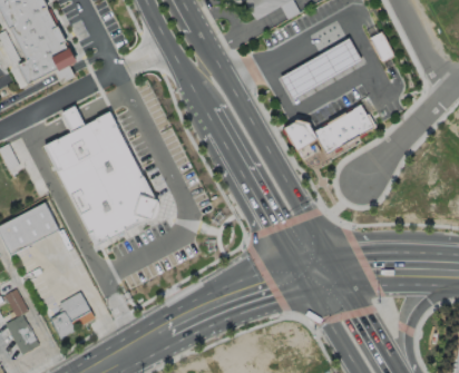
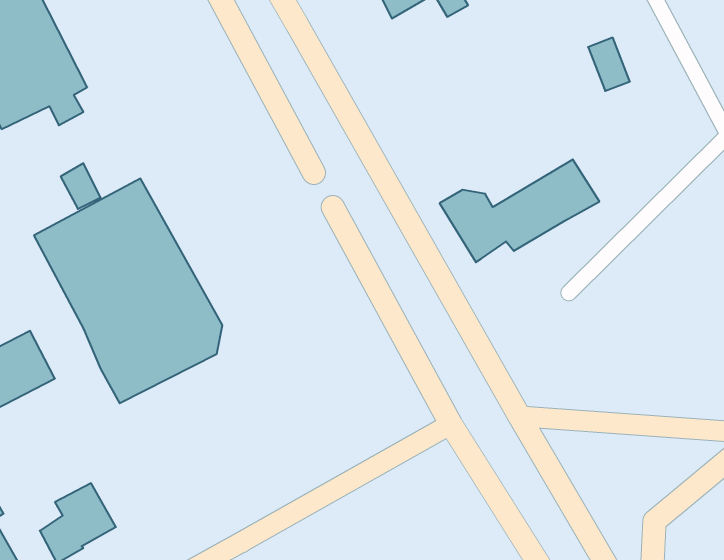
building: [282,38,361,99] -> none

